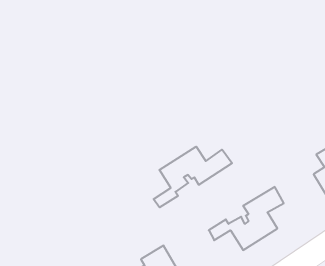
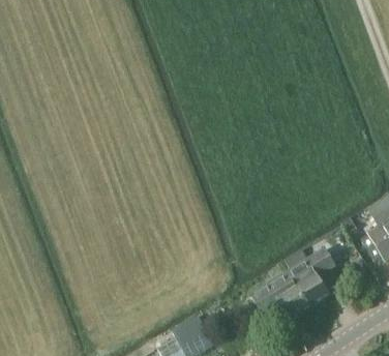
building: [154,147,232,207] -> none

